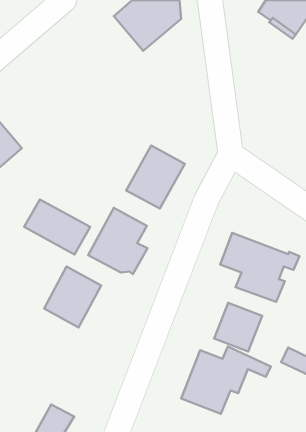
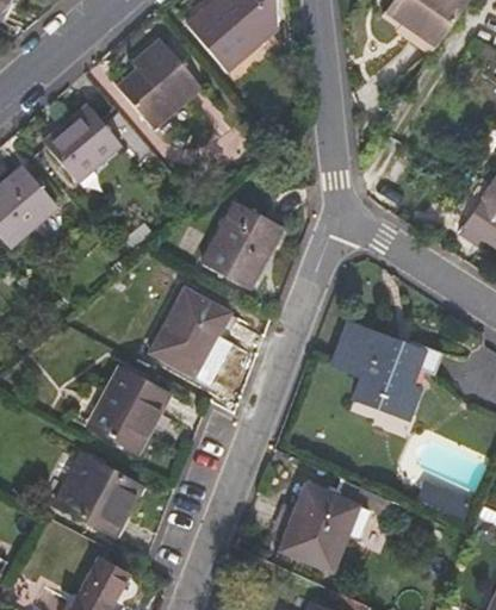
building: none -> [117,38,202,129]
building: none -> [43,105,120,181]
building: [24,200,90,254] -> none
building: [214,303,262,352] -> none
building: none -> [55,455,140,536]

